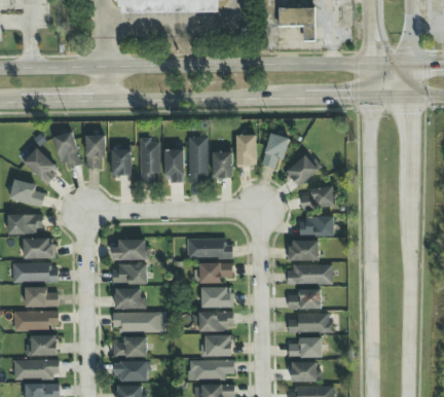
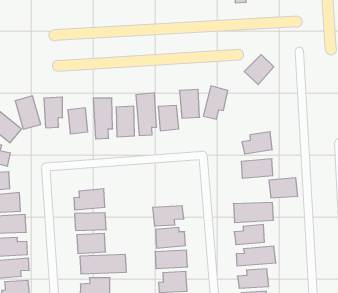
building: [285,154,318,187] -> [244,55,274,85]
building: [187,239,231,257] -> none
building: [288,240,319,260] -> [269,178,298,198]

